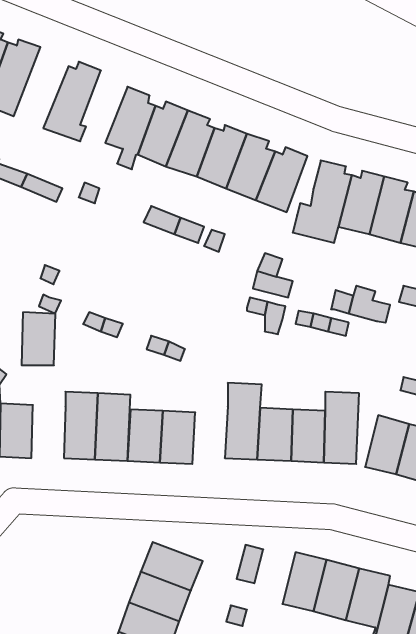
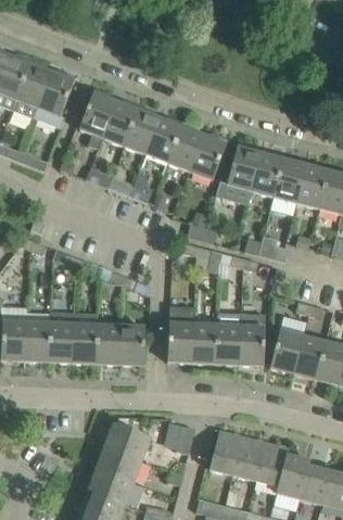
building: none -> [12,59,52,118]
building: [22,312,55,365] -> [25,322,50,362]

